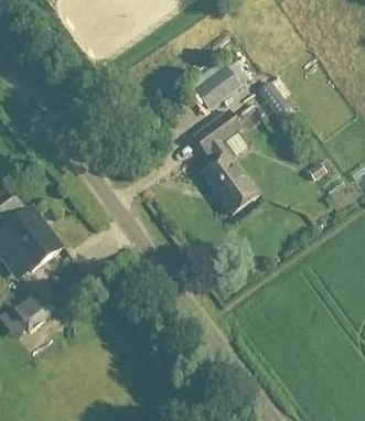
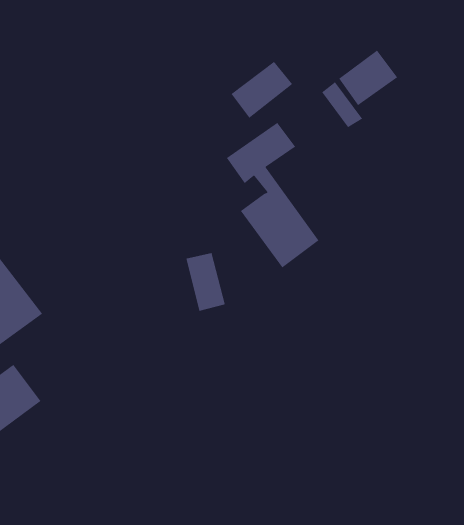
building: none -> [338,49,398,106]
building: none -> [186,252,226,312]

